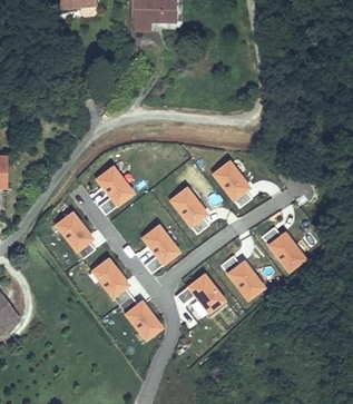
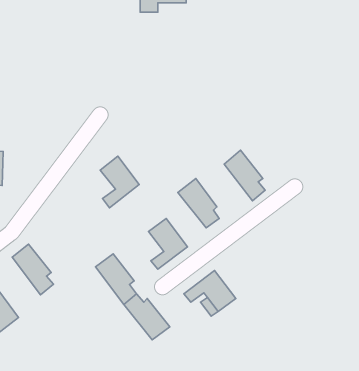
building: [57,211,96,259] -> [12,244,53,295]
building: [262,227,305,270] -> none
building: [222,256,264,299] -> none

